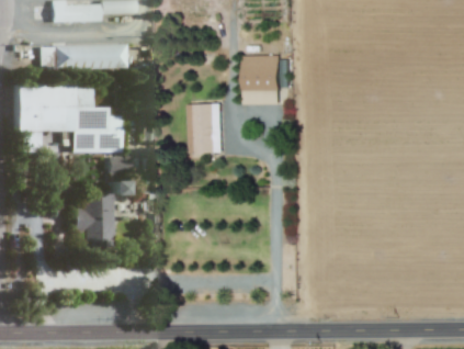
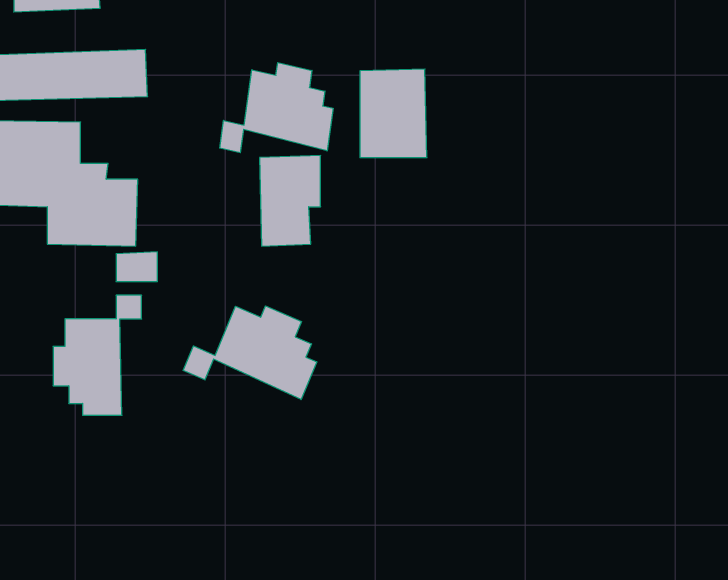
building: none -> [220,63,333,153]
building: none -> [183,306,317,400]

